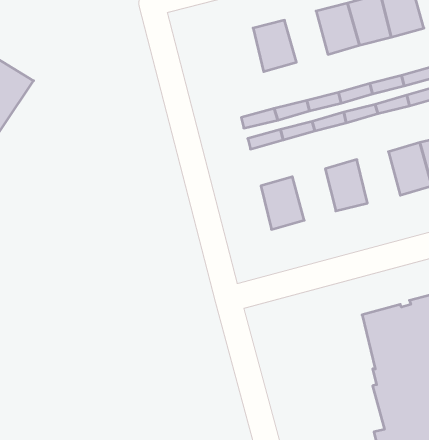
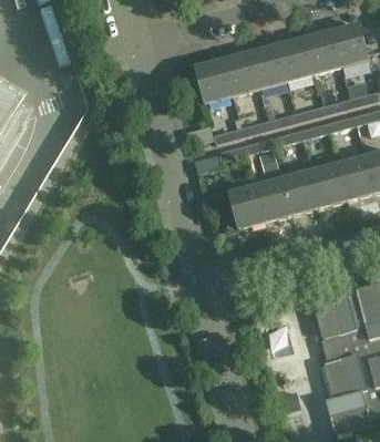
building: none -> [249,44,286,88]
building: none -> [195,59,232,102]
building: none -> [310,163,347,206]
building: none -> [256,177,292,220]

